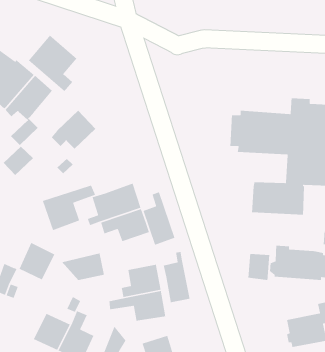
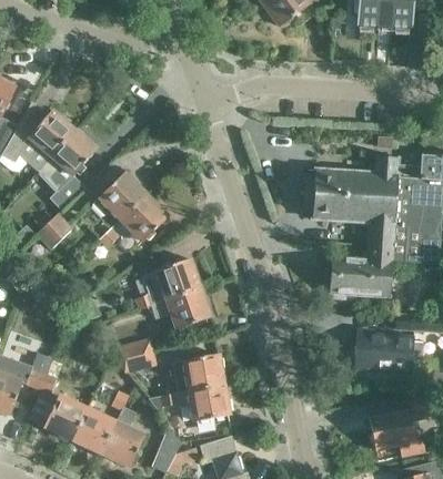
building: [28,34,77,92] -> none
building: none -> [121,193,168,240]
building: [42,185,96,231] -> none
building: [142,191,176,246] -> none
building: [19,242,55,281] -> [44,395,88,440]
building: [163,251,190,303] -> none
building: [248,253,270,281] -> none

